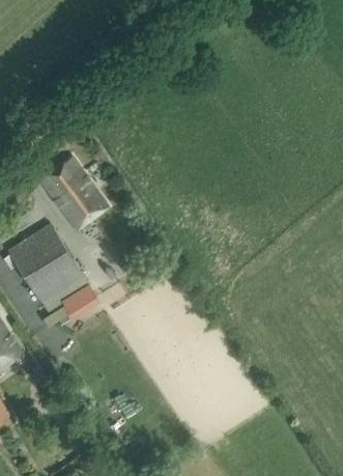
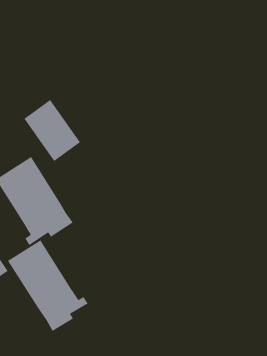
building: none -> [7,239,88,332]

